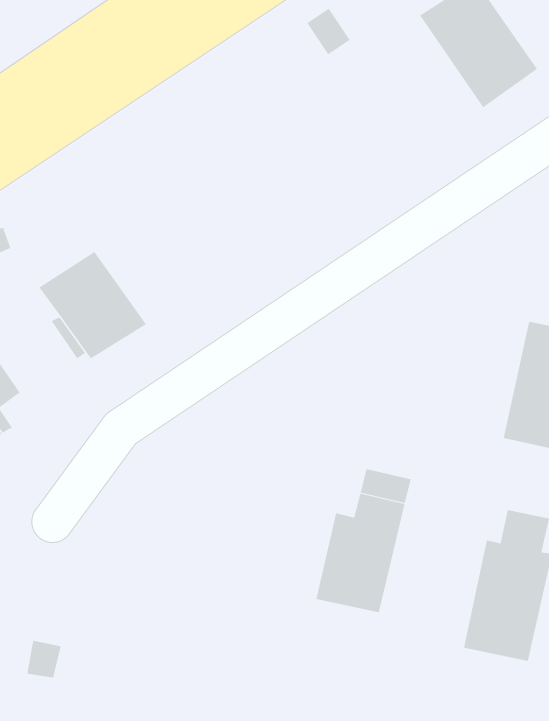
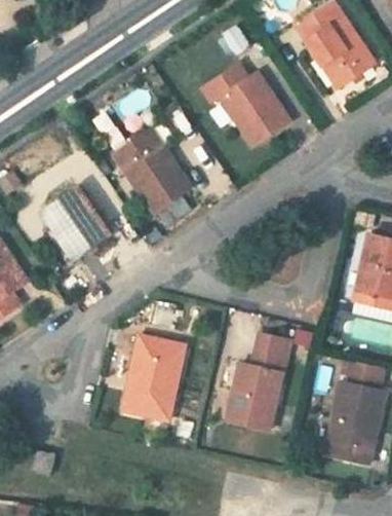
building: none -> [203,64,290,147]
building: none -> [113,130,192,213]
building: none -> [123,336,185,419]

